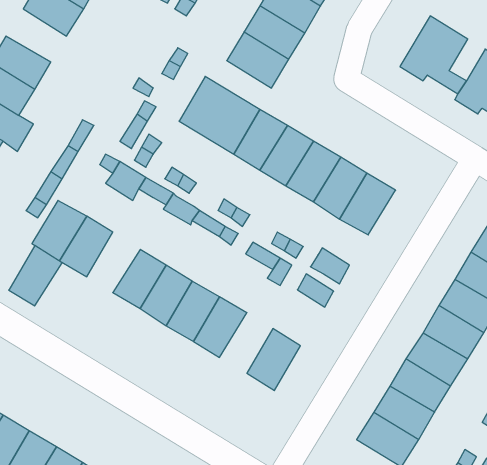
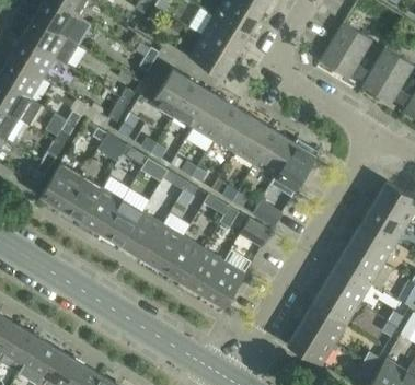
building: none -> [21,18,79,66]
building: [9,245,62,306] -> [82,187,123,233]
building: none -> [183,248,223,294]

